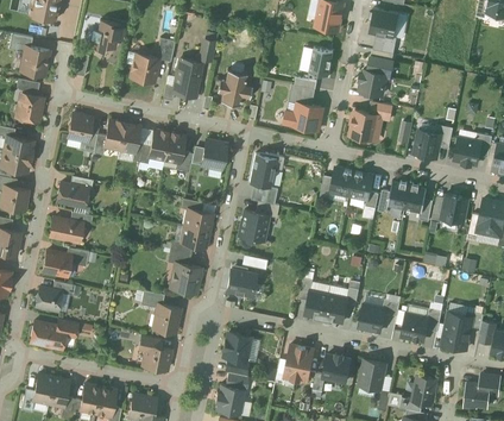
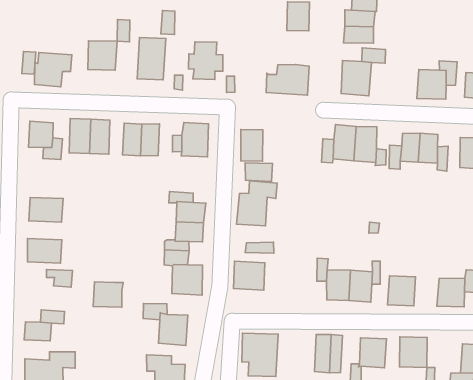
building: [90,18,127,51] -> [35,52,72,87]
building: [286,76,317,111] -> none
building: [40,251,70,277] -> [93,282,123,307]

